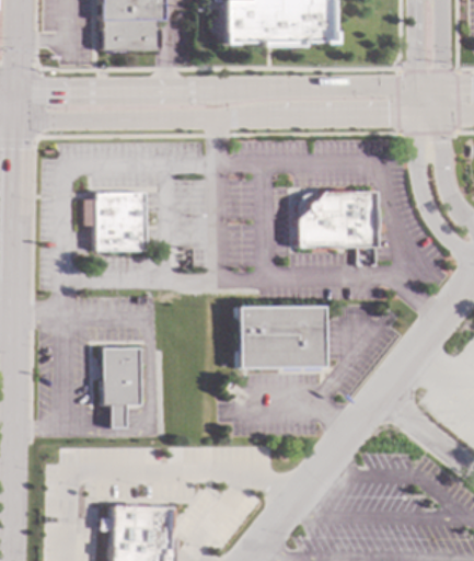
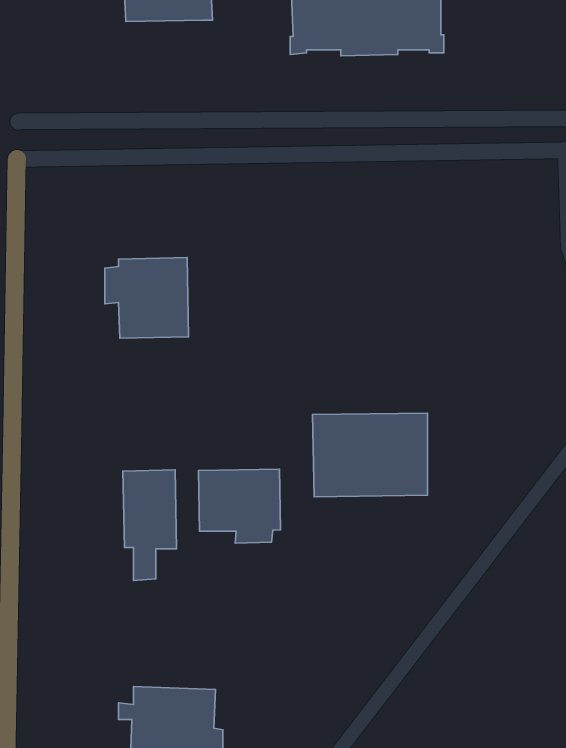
building: [103,18,164,50] -> none
building: [299,190,377,247] -> none
building: none -> [199,469,280,543]

